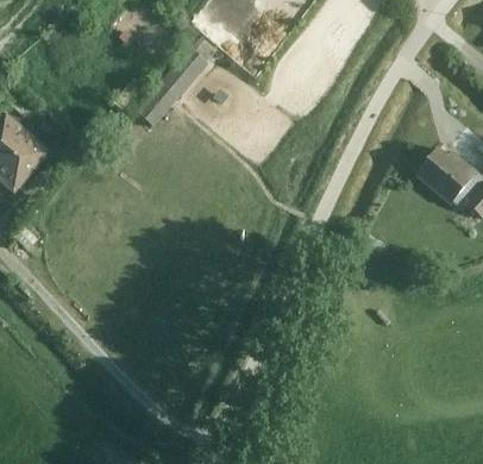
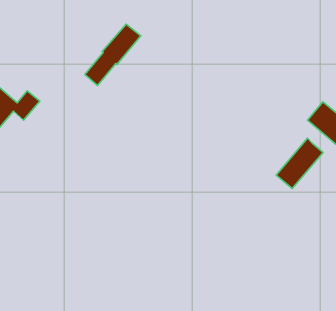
building: none -> [276,138,323,188]

